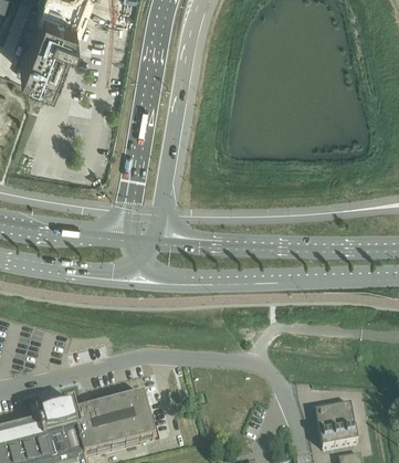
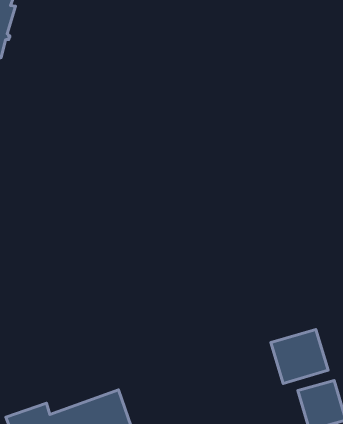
building: none -> [271,329,328,383]

